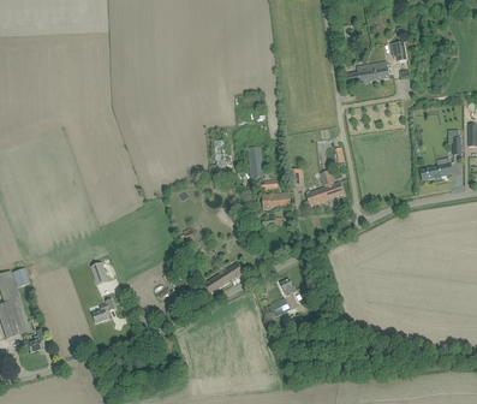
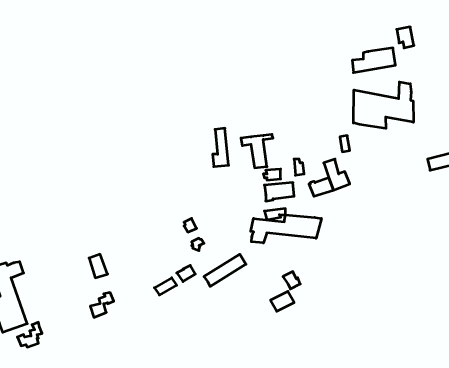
building: none -> [353,82,413,128]
building: none -> [251,215,321,243]

